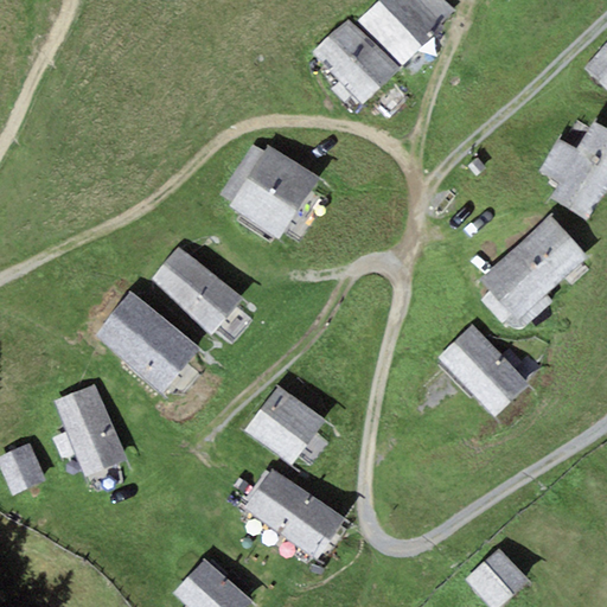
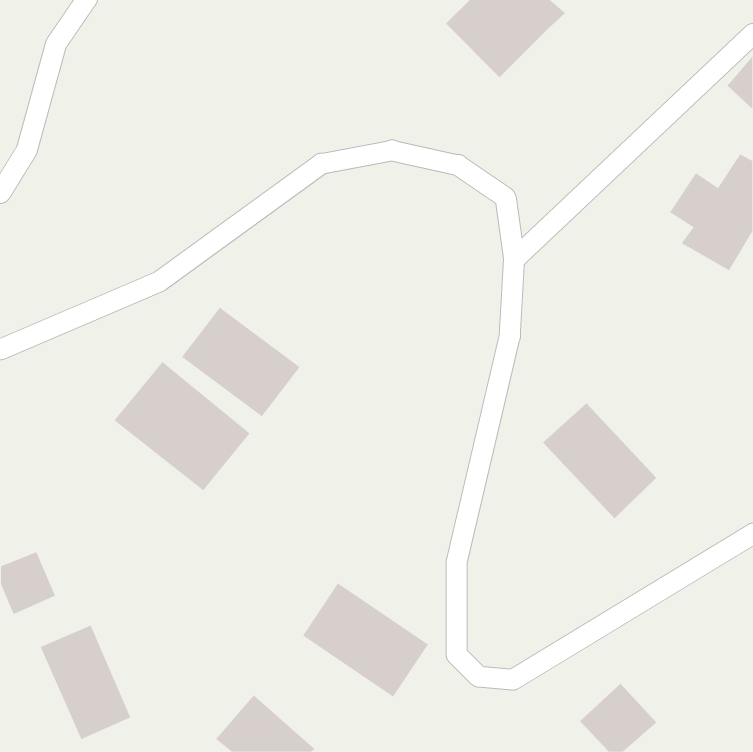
building: [313,18,400,104] -> none
building: [230,146,319,239] -> none
building: [480,216,587,319] -> none
building: [53,385,127,478] -> [40,625,131,740]
building: [245,386,325,464] -> none

